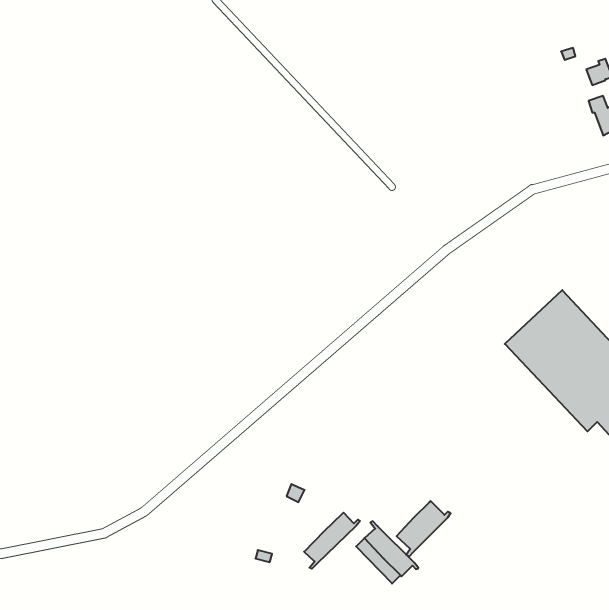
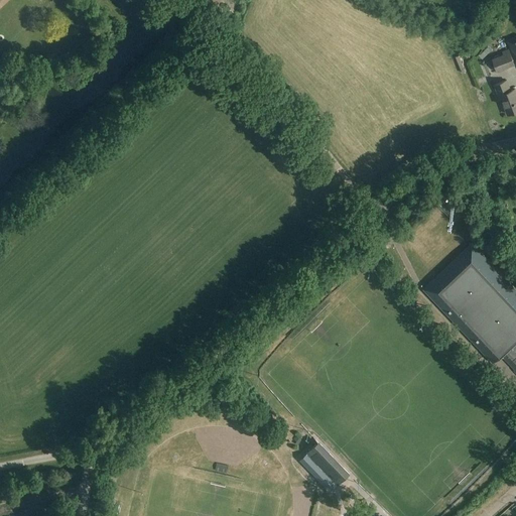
building: [397,501,451,556] -> none
building: [304,513,360,569] -> none

